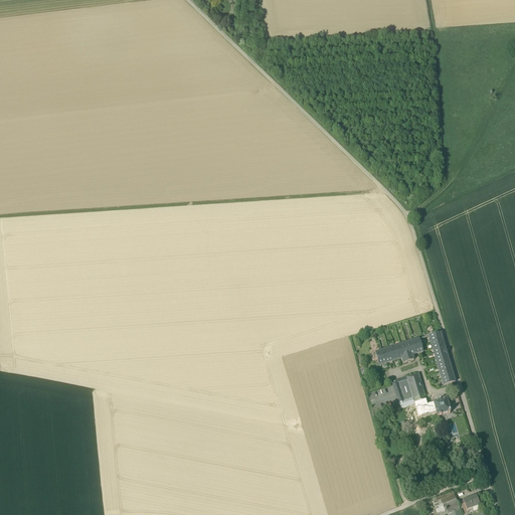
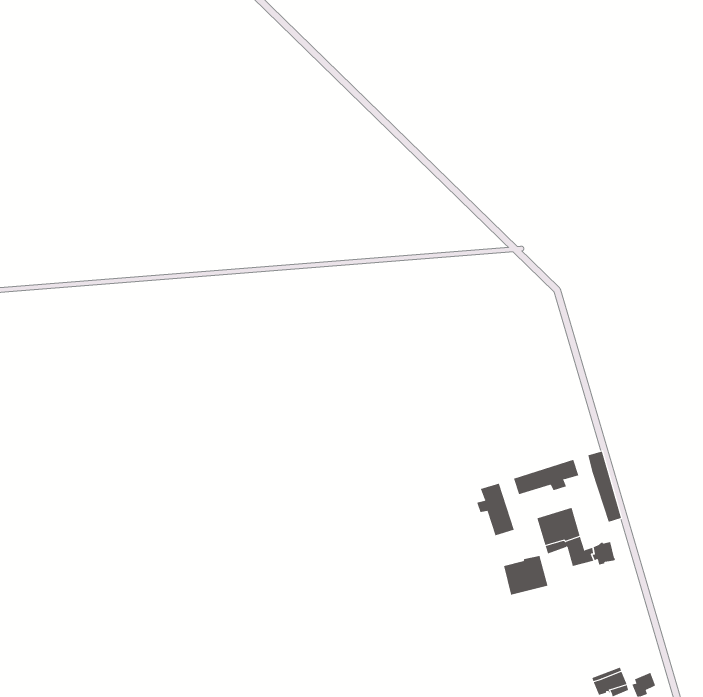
building: none -> [476,483,514,536]
building: none -> [503,555,548,595]

